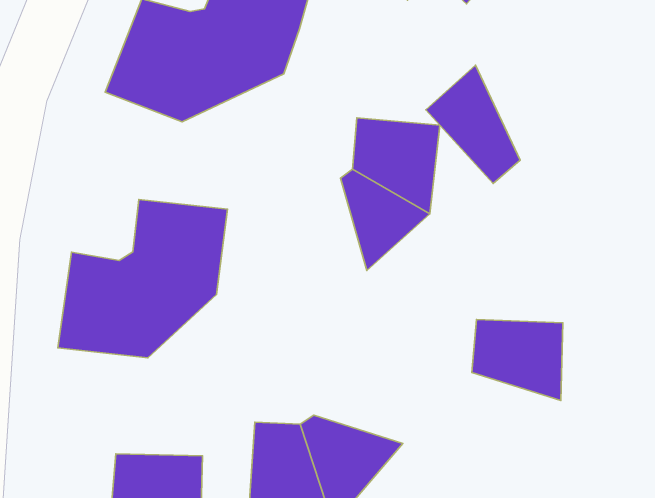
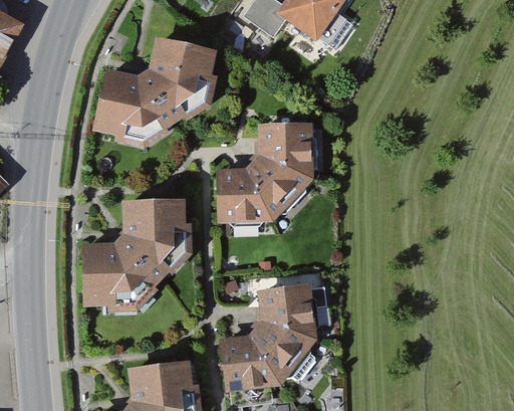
building: [426,65,520,184] -> none
building: none -> [216,165,278,226]
building: [472,320,563,400] -> [255,282,318,334]

